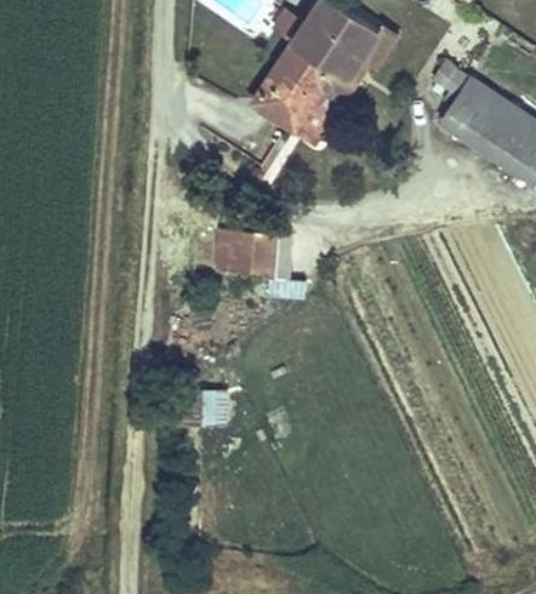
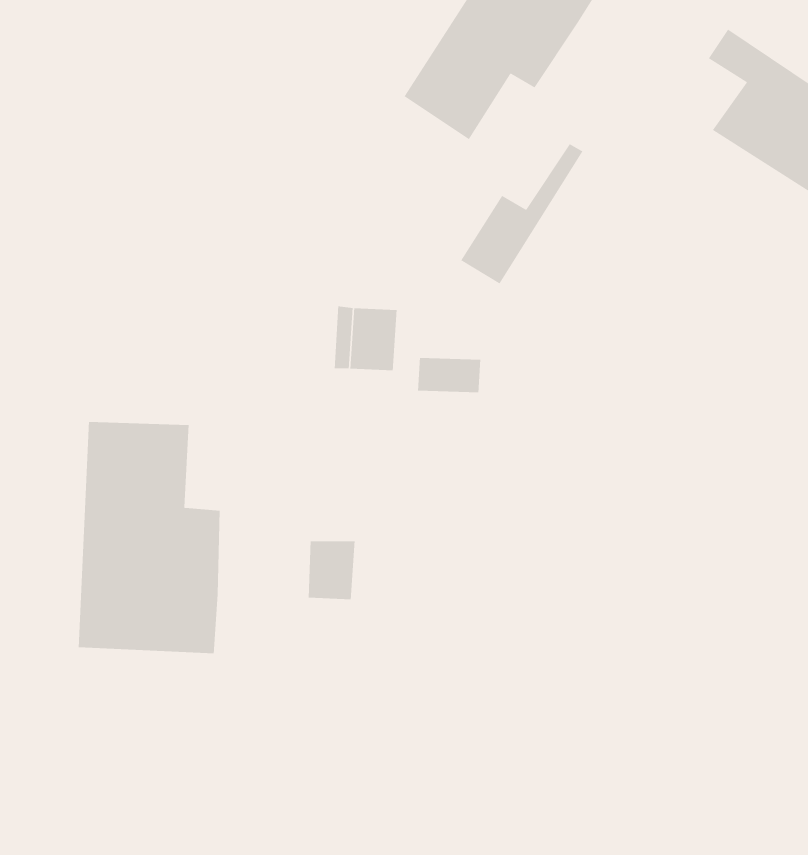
building: [291,58,366,144] -> [460,143,584,284]
building: none -> [78,421,221,654]

